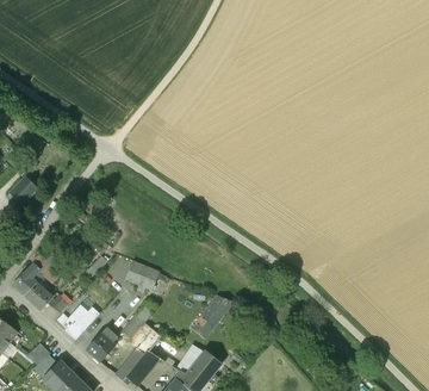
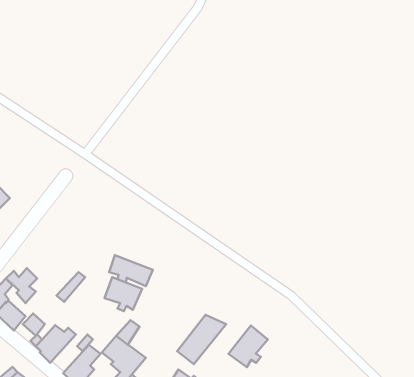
building: none -> [109,255,153,286]
building: none -> [228,326,268,367]

